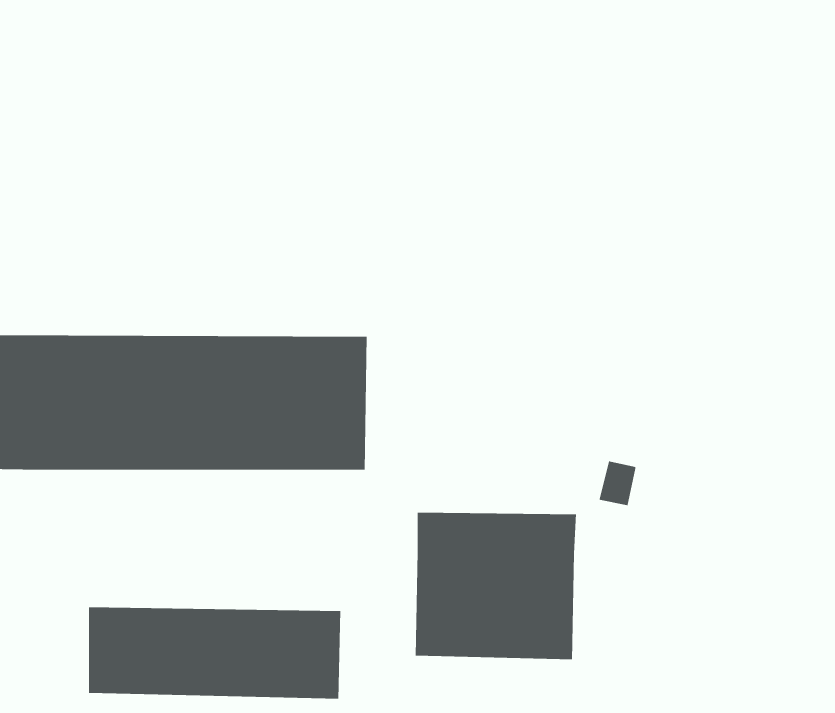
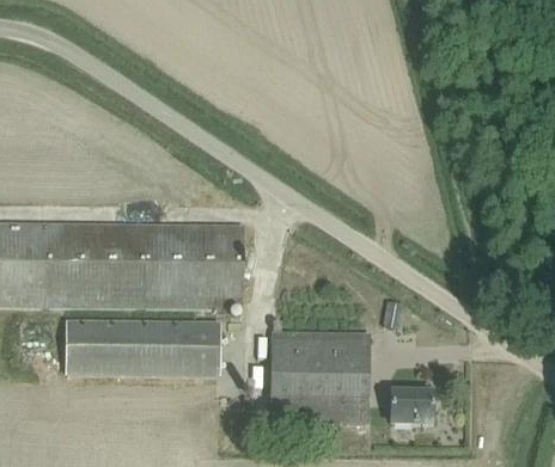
building: [88,606,341,699] -> [66,319,219,375]
building: none -> [391,389,432,423]

